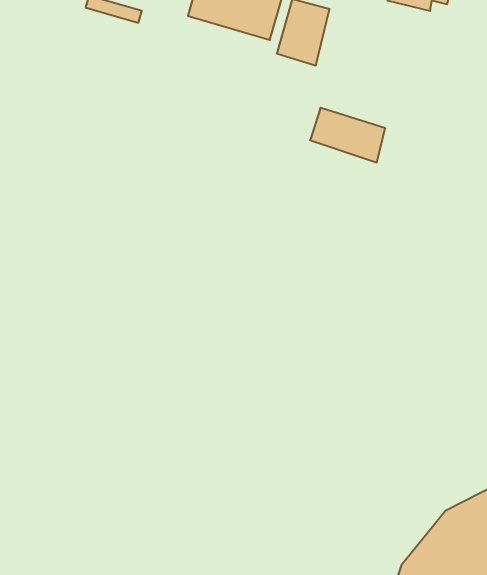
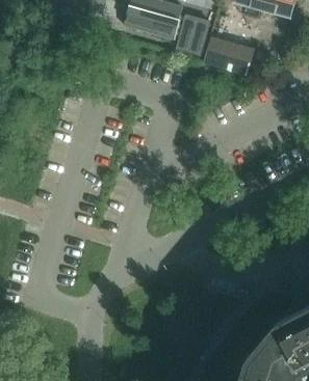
building: [310,108,385,162] -> [212,39,258,73]

